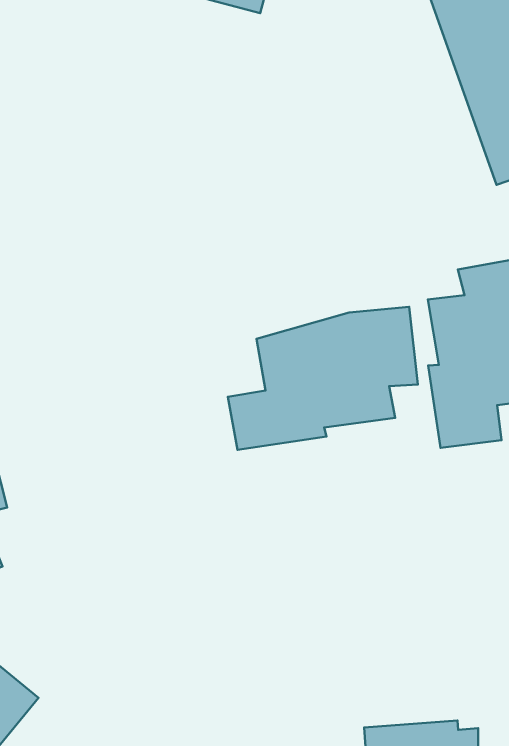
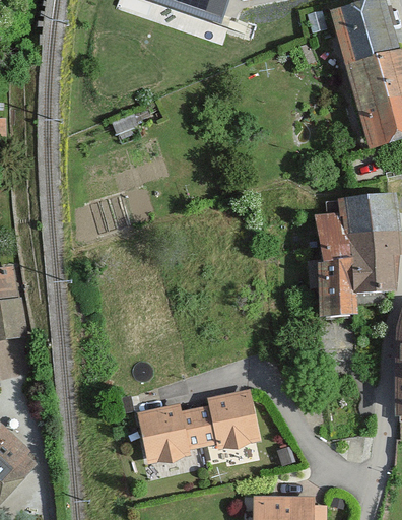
building: [228,307,418,450] -> none
building: none -> [137,391,259,464]

